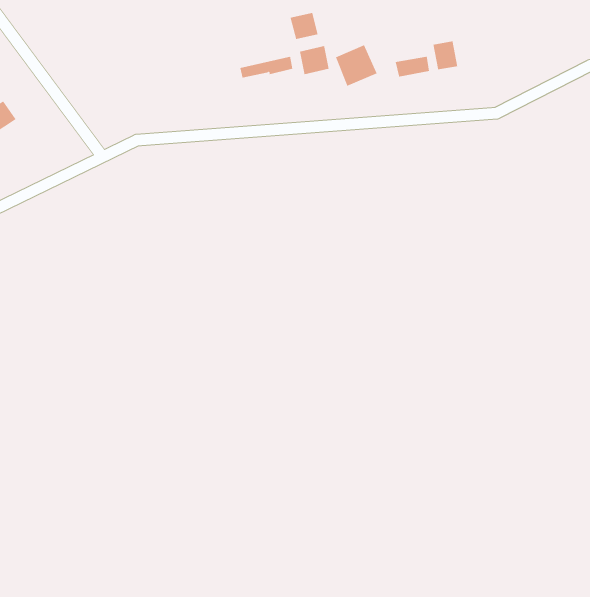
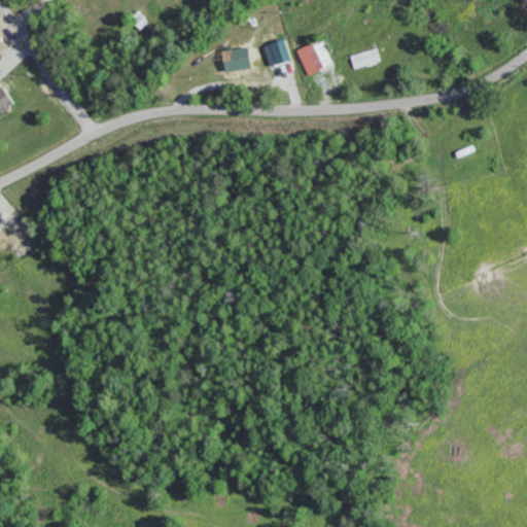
building: [290,12,318,40] -> none
building: [433,41,458,70] -> none

